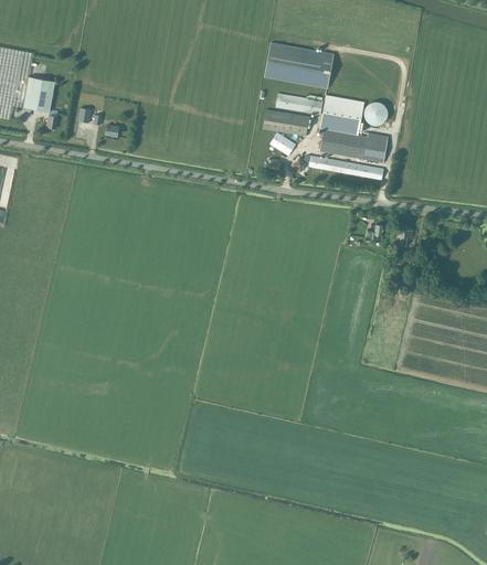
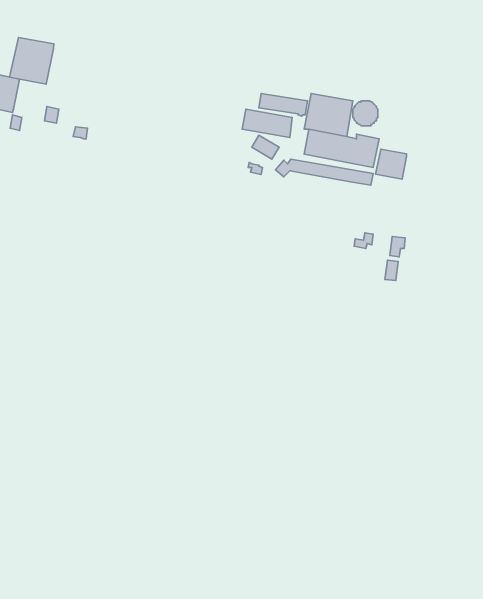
building: none -> [9,37,54,84]
building: [264,43,334,88] -> none
building: none -> [375,149,406,179]

